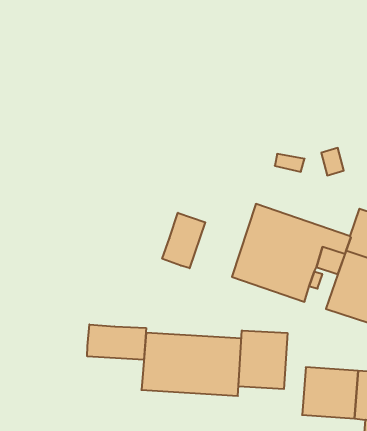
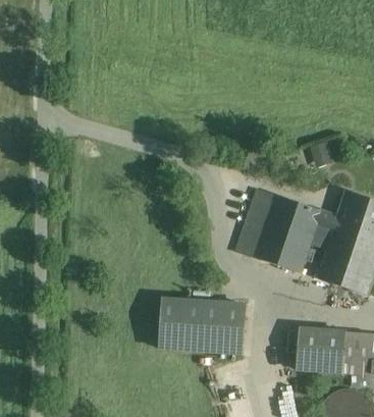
building: [162,213,205,268] -> none
building: [87,324,146,360] -> none
building: [238,330,287,389] -> none

